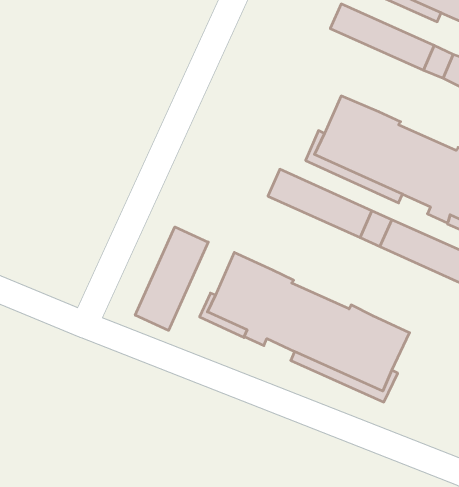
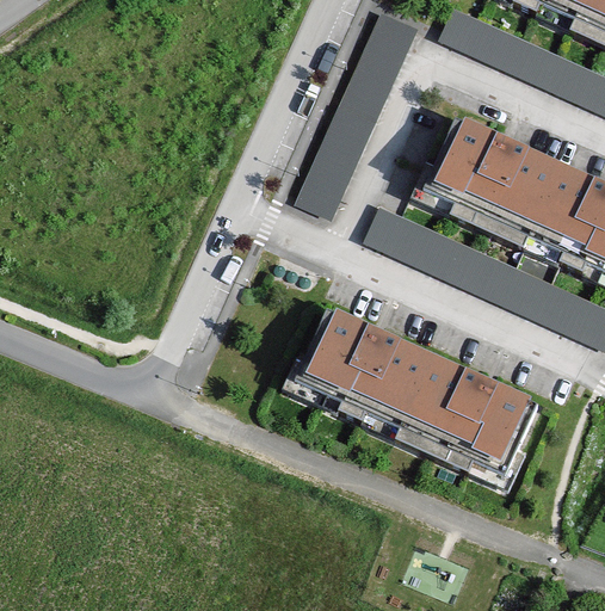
building: none -> [301,12,416,212]
building: [135,227,208,330] -> none

